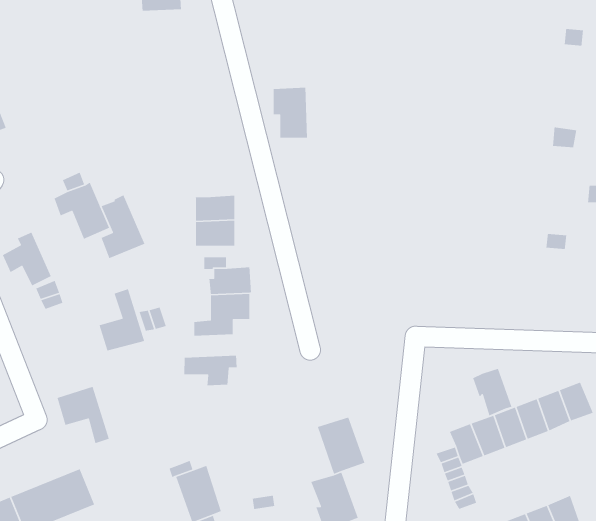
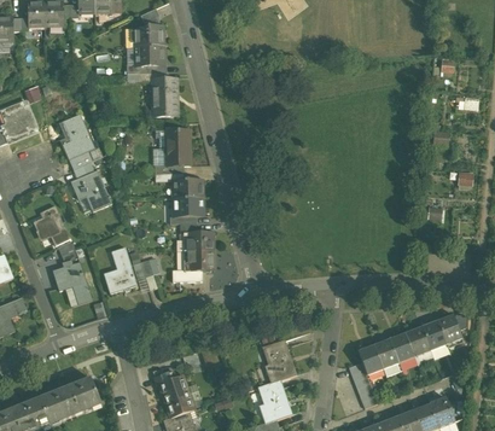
building: none -> [134,45,163,65]
building: none -> [151,78,176,116]
building: [273,87,308,139] -> [164,128,190,165]
building: [101,194,146,259] -> [62,112,94,159]
building: [183,355,237,386] -> none
building: [472,368,512,417] -> none
building: [57,386,110,444] -> [52,261,91,303]

